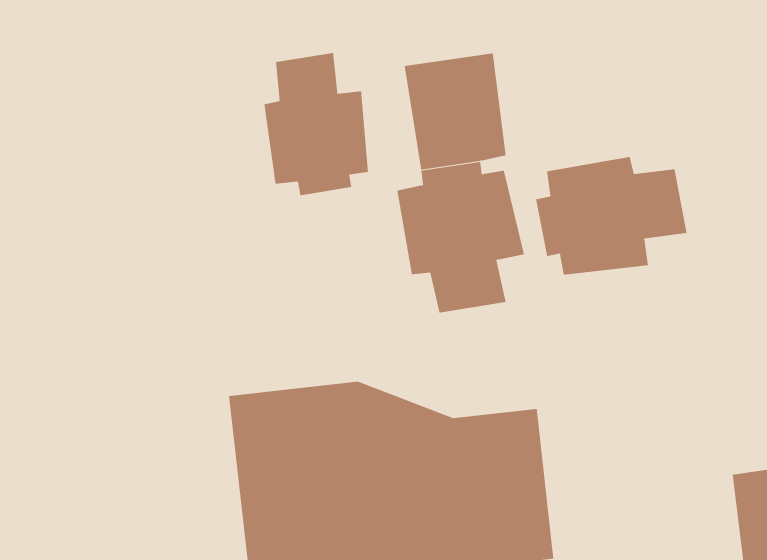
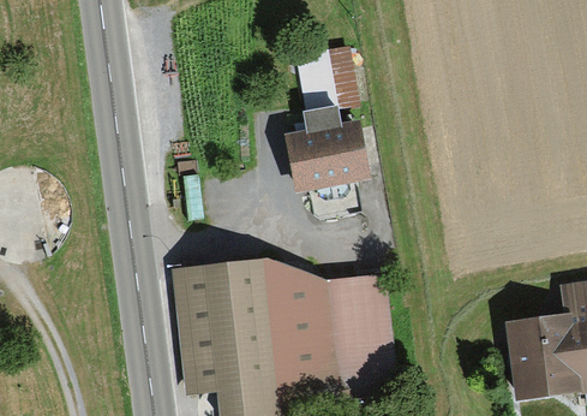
building: [264,52,369,196] -> none
building: [536,156,687,275] -> none

